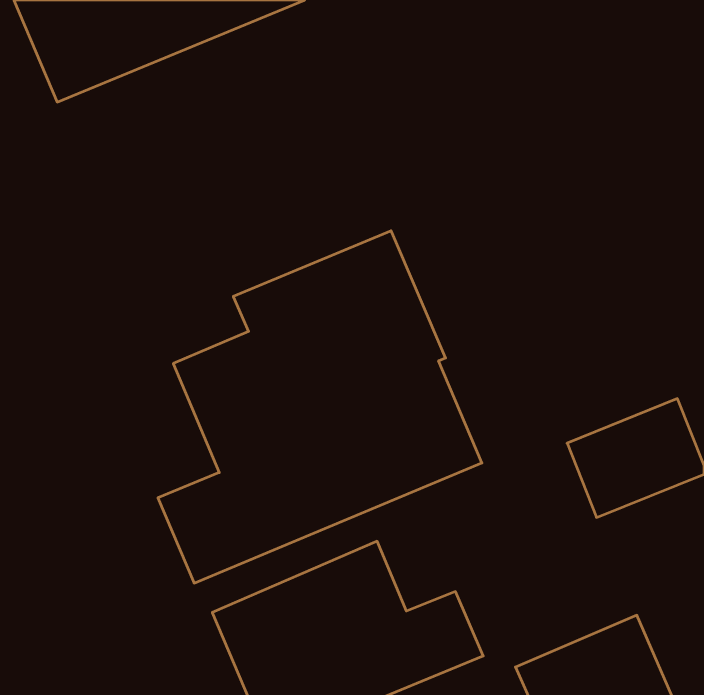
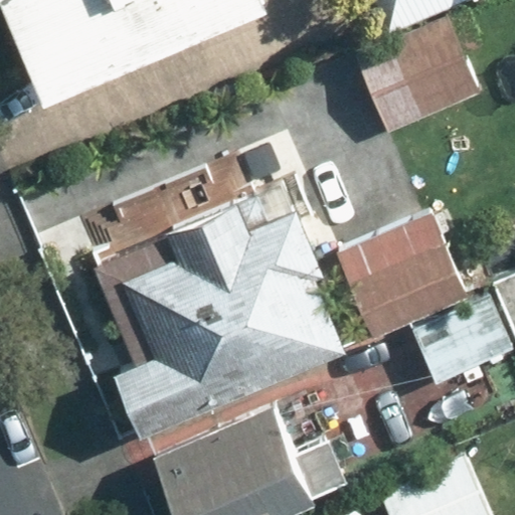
building: none -> [357,19,480,133]
building: none -> [331,218,460,337]

